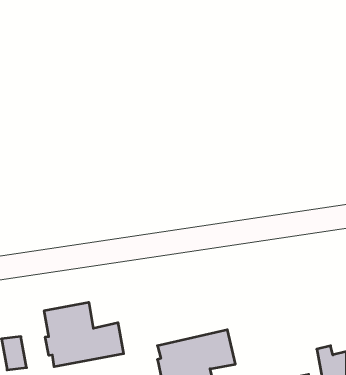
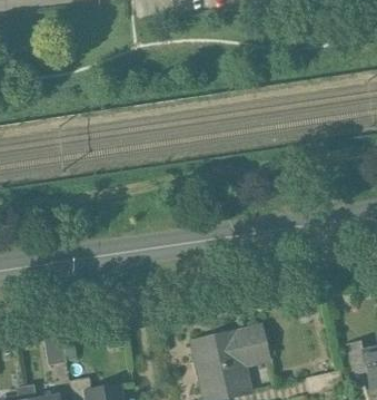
building: [44,302,124,367] -> none

